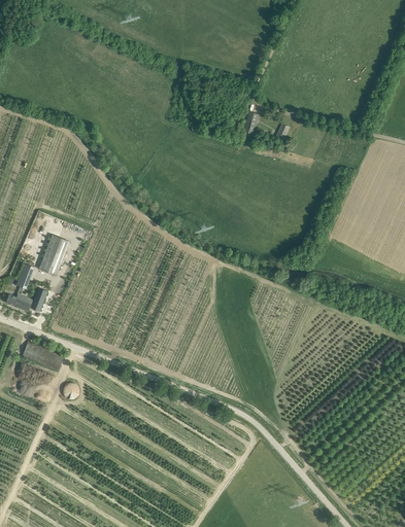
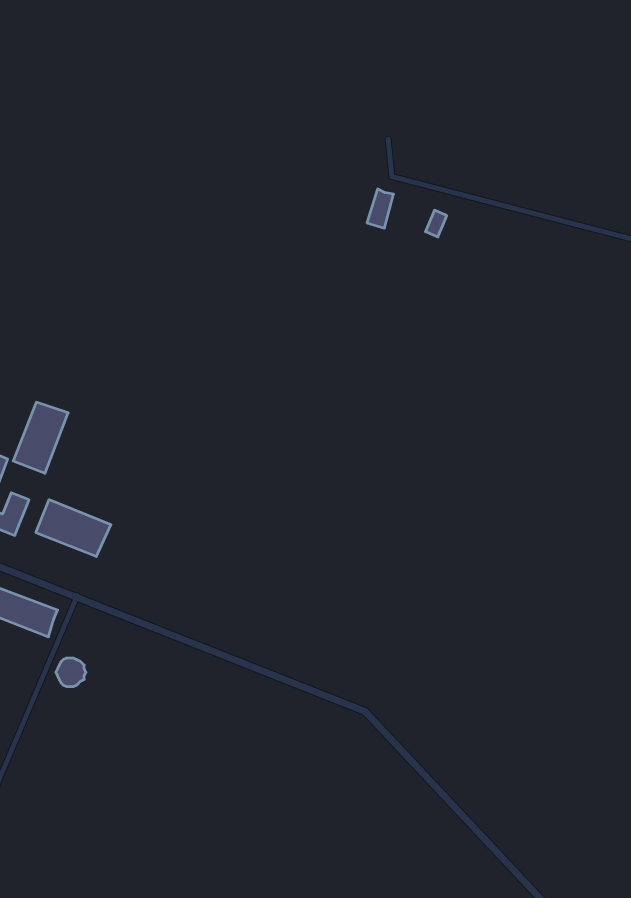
building: none -> [36,500,111,557]

